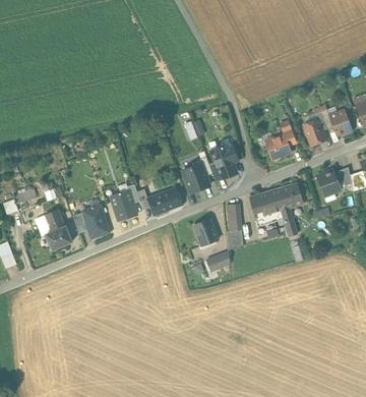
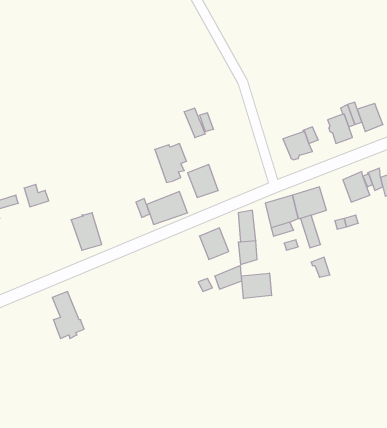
building: [209,145,237,178] -> [155,144,187,182]
building: [110,190,136,220] -> none
building: [44,209,71,249] -> [52,292,84,339]
building: none -> [242,273,272,299]

